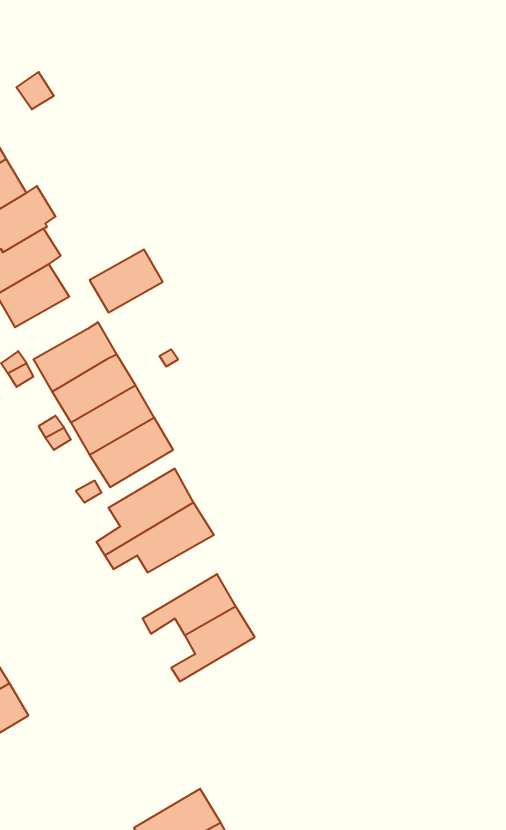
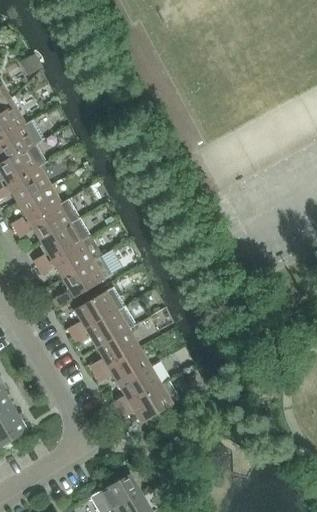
building: [90,249,163,312] -> [20,185,63,222]
building: none -> [90,330,139,374]
building: none -> [117,381,180,423]

